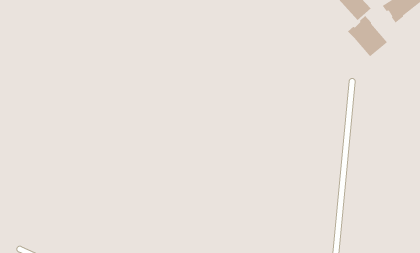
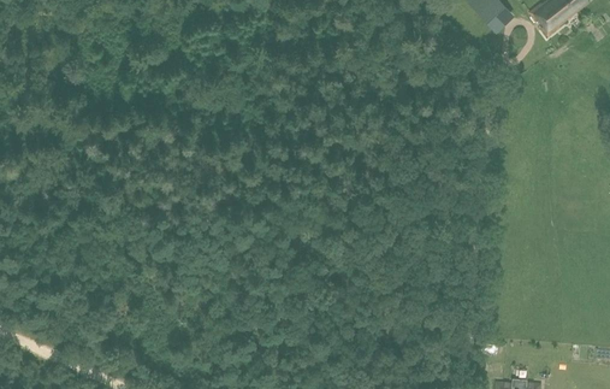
building: [347,15,388,57] -> none

